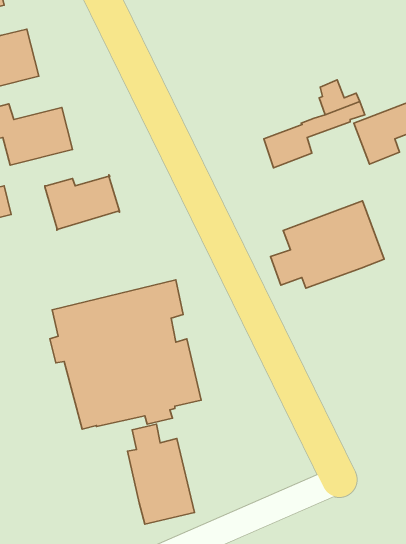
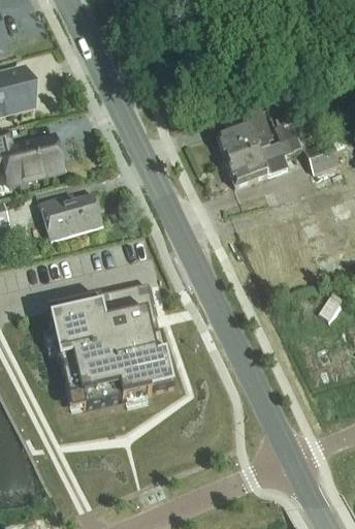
building: none -> [217,107,272,161]
building: [270,201,384,288] -> none
building: [127,424,195,524] -> none

